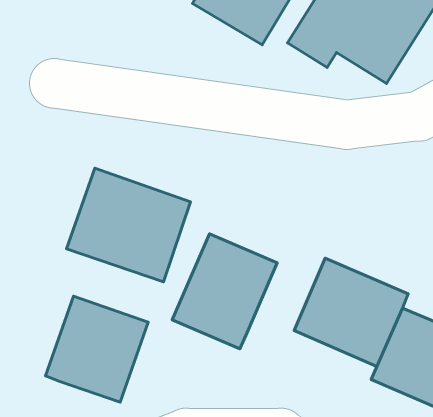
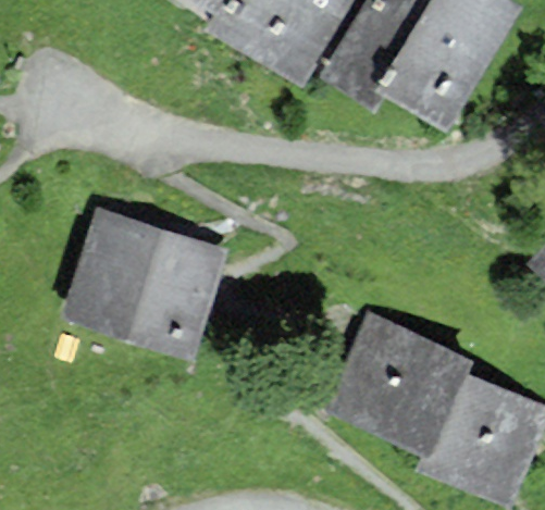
building: [172,234,277,349] -> none
building: [46,296,148,402] -> none

